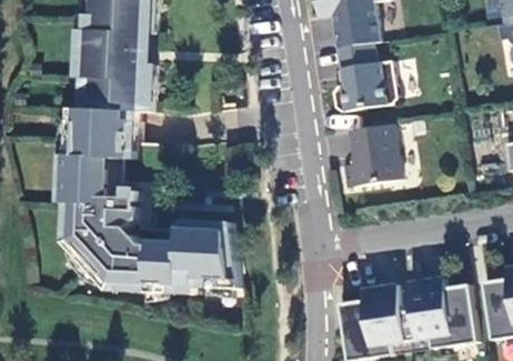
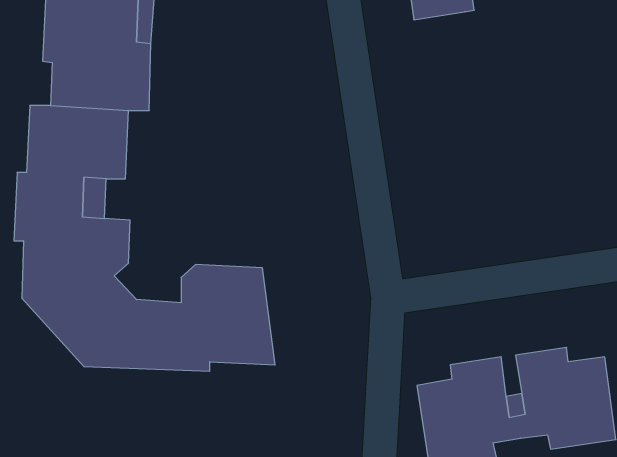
building: [332,42,396,111] -> none
building: [343,123,400,185] -> none

